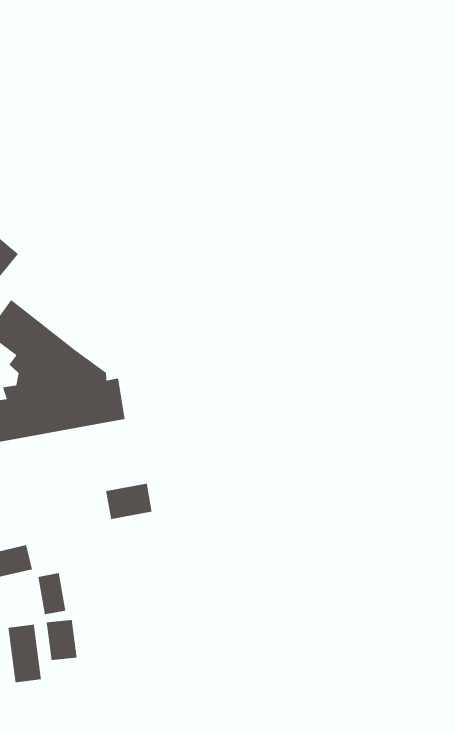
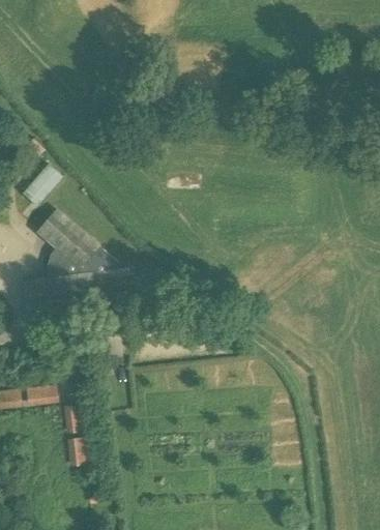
building: [105,483,152,520] -> none
building: [8,624,42,683] -> none

